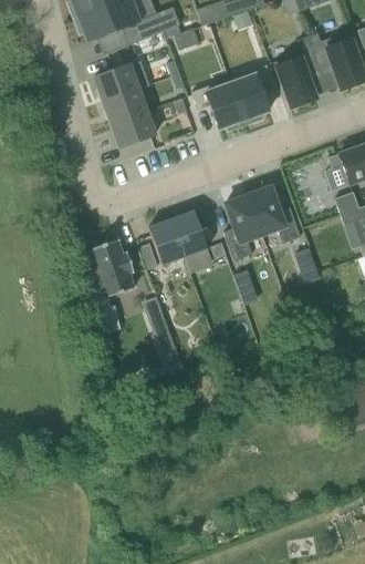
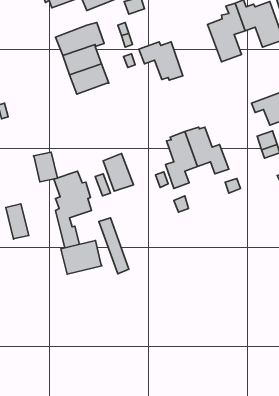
building: [231,65,273,124] -> none
building: [171,211,208,256] -> none
building: none -> [33,152,57,182]
building: none -> [6,204,29,239]
building: none -> [61,241,102,274]

